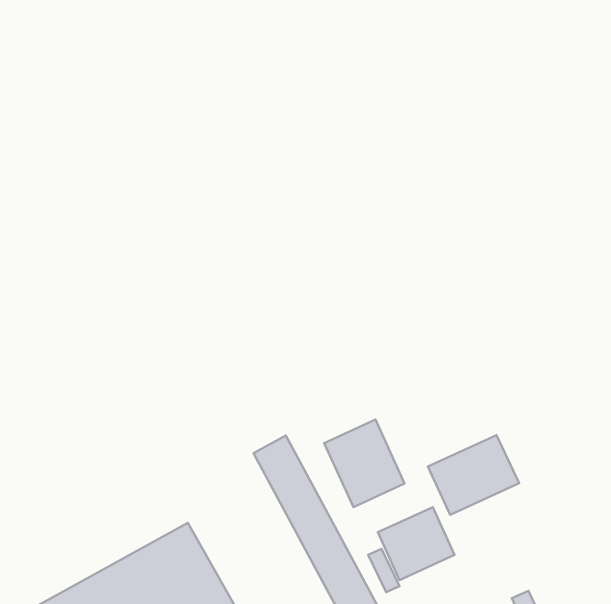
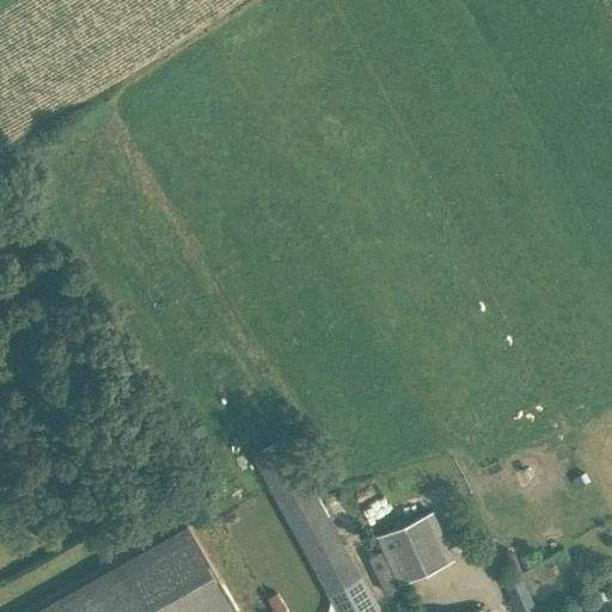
building: [324,419,405,507] -> none
building: [428,435,519,515] -> none

